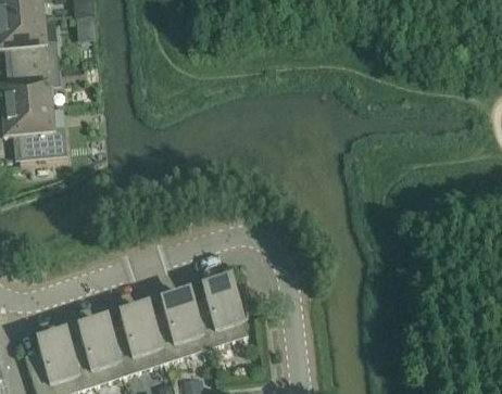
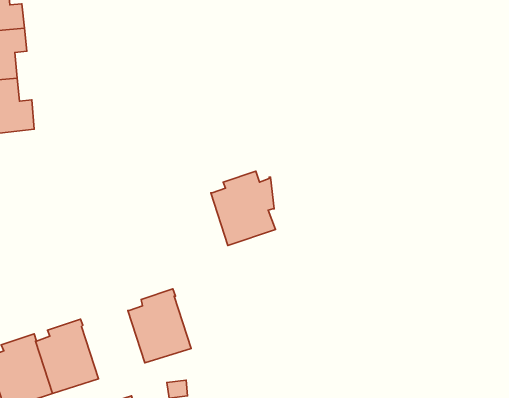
building: [190,280,248,346] -> [211,171,275,245]
building: [108,307,164,373] -> none

